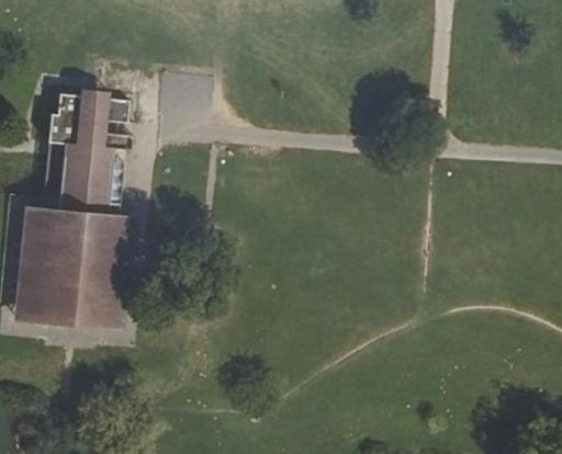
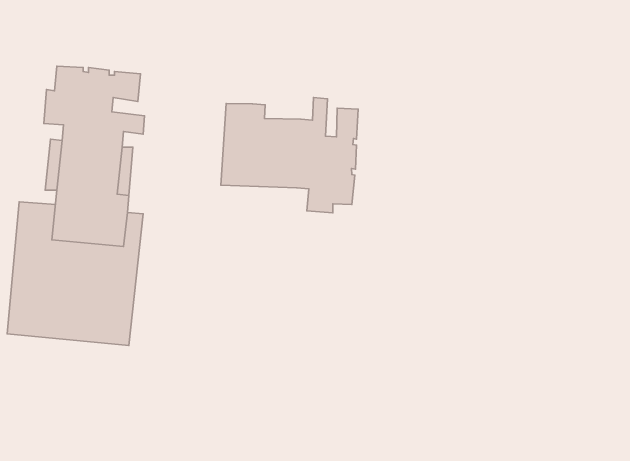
building: none -> [221,98,358,213]

